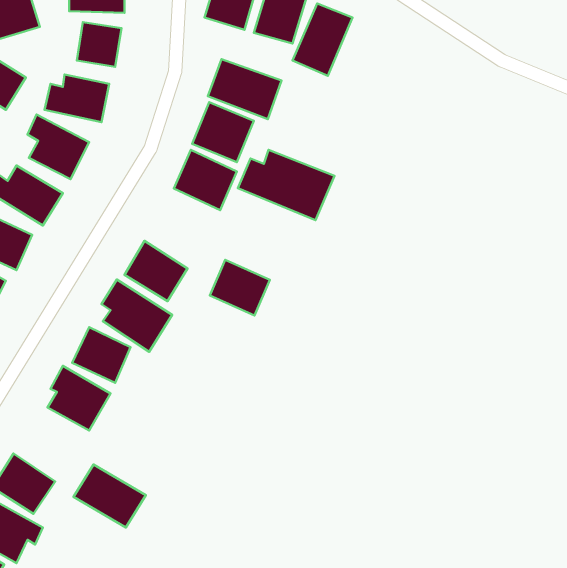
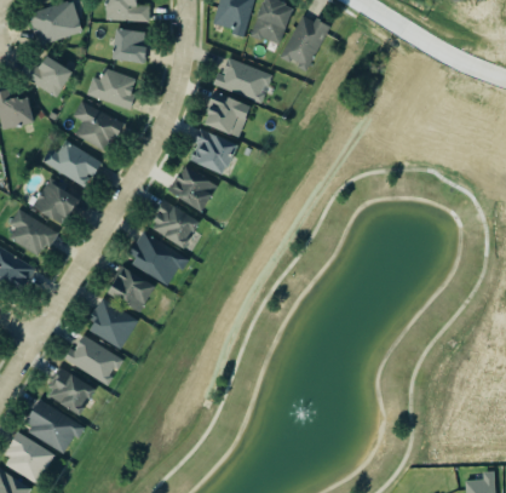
building: [238,150,334,220] -> none
building: [210,260,270,315] -> [169,167,217,211]
building: [74,464,146,528] -> [65,334,122,384]

